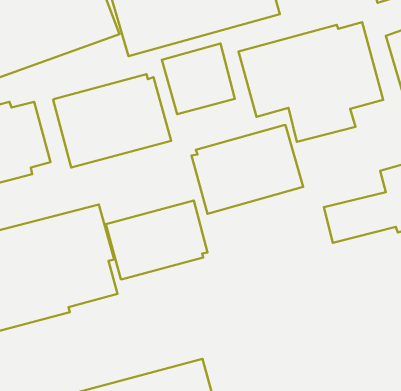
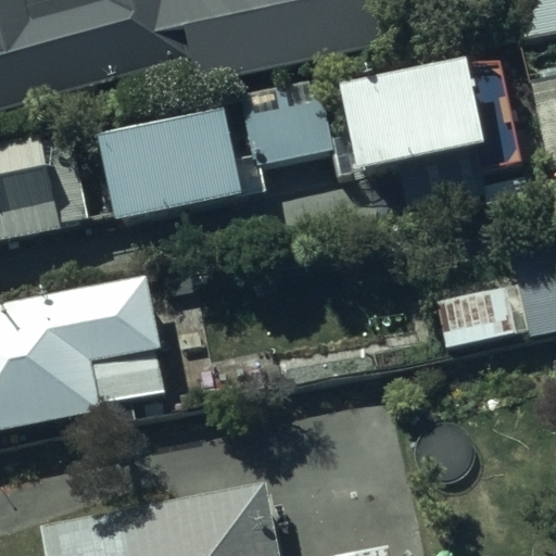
building: [192,125,303,214] -> none
building: [106,201,207,279] -> none

